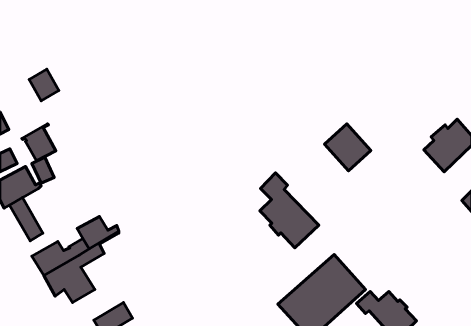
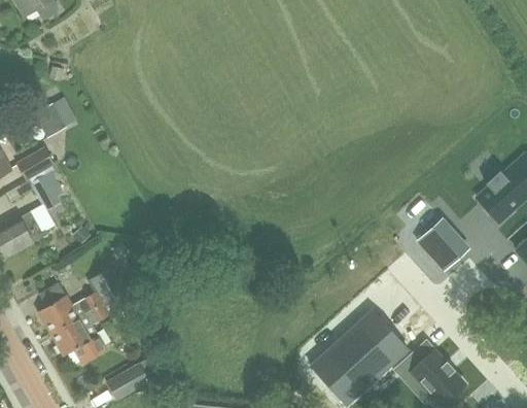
building: none -> [15,147,54,181]
building: [325,124,371,171] -> [417,218,468,271]
building: [260,173,319,248] -> none
building: [10,198,43,241] -> none

